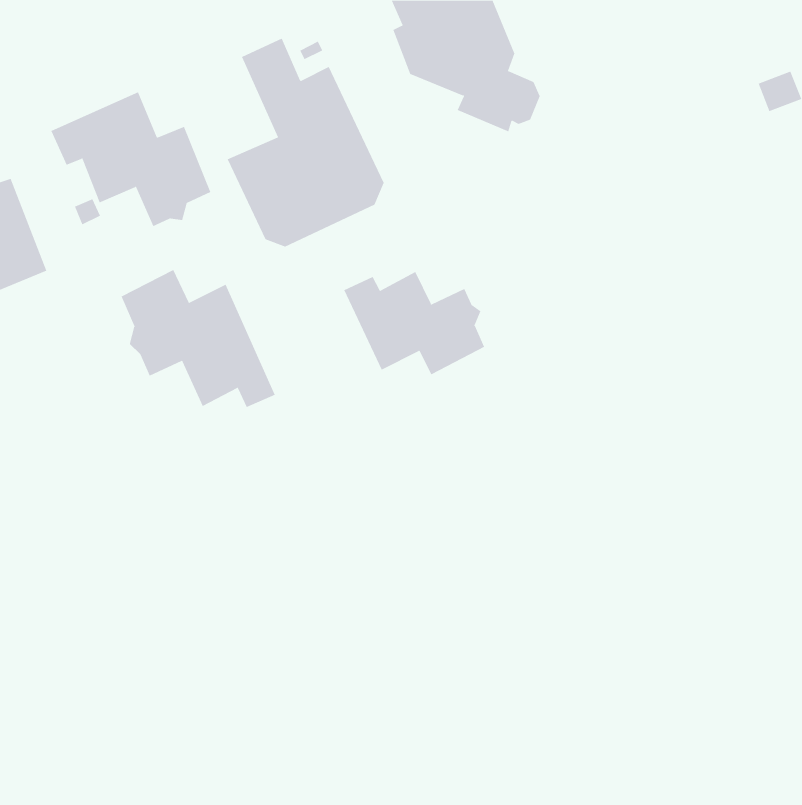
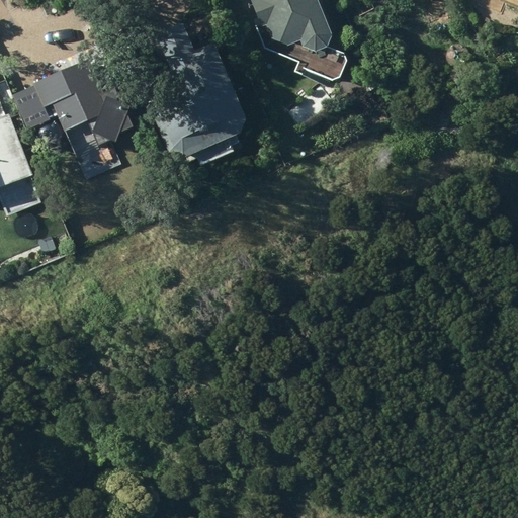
building: [121,269,276,408] -> none
building: [343,271,485,375] -> none

